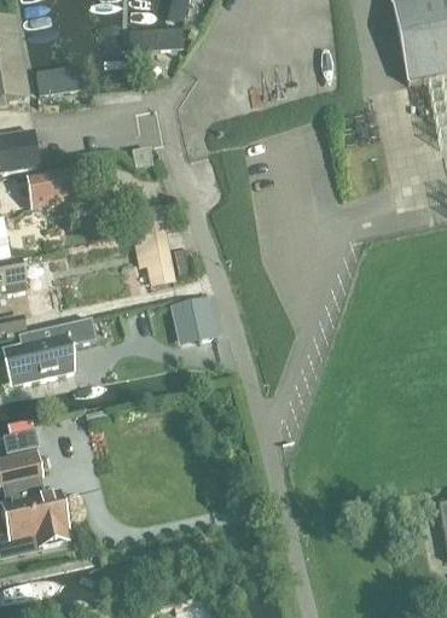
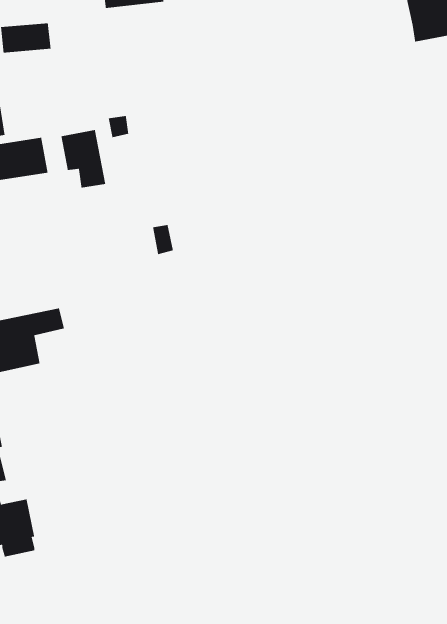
building: [133,228,174,281] -> [61,129,106,188]
building: [186,297,215,340] -> none

